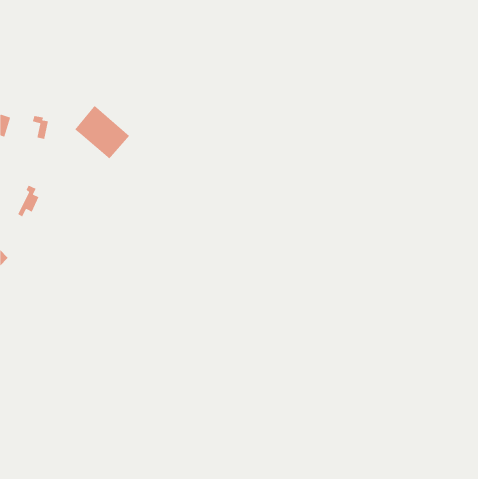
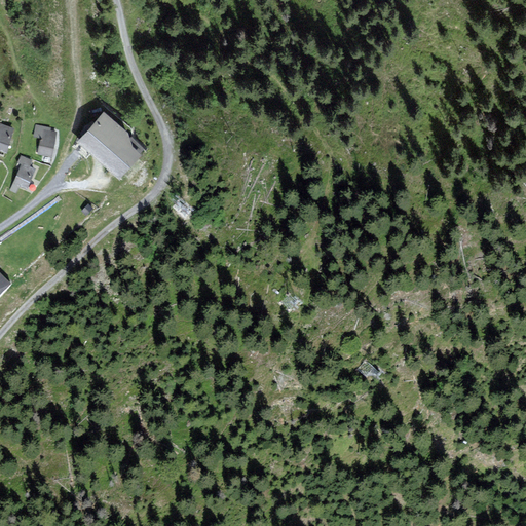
building: [17,185,40,217] -> [9,156,34,192]

